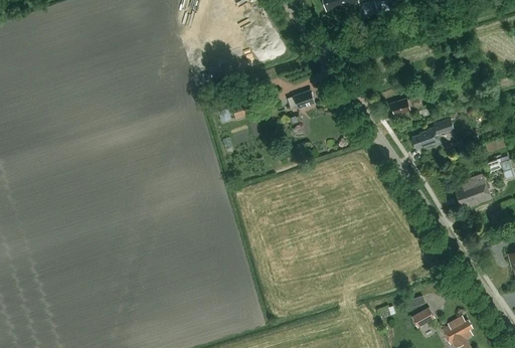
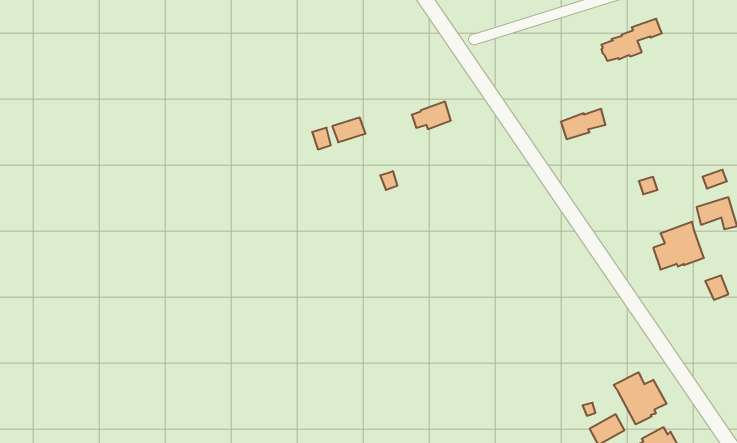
building: [411,119,454,148] -> [601,19,662,61]
building: none -> [614,372,667,424]

